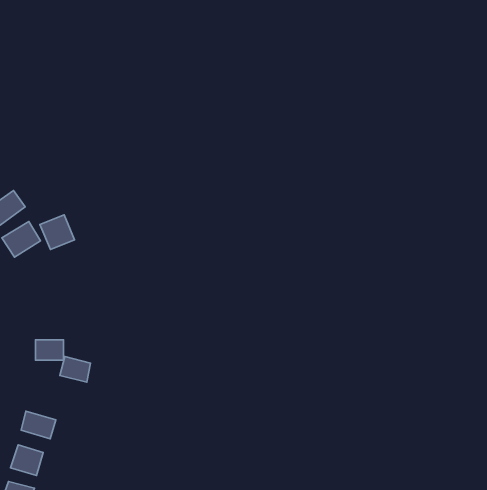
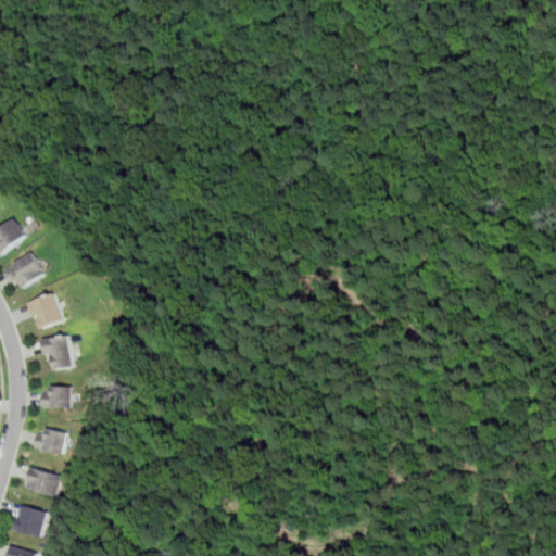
building: [40,215,75,249] -> [25,292,64,331]
building: none -> [42,333,74,371]
building: [60,356,91,382] -> [33,426,67,455]

